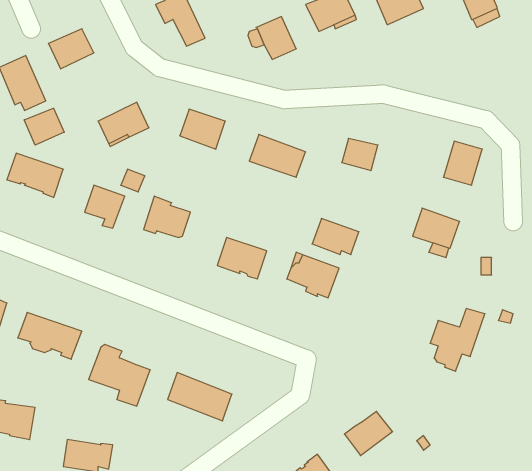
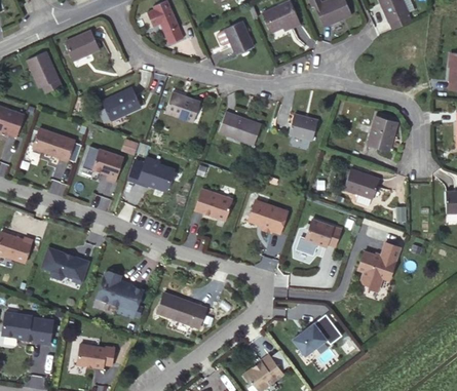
building: [24,108,64,145] -> none
building: [312,218,359,255] -> [304,221,340,248]

